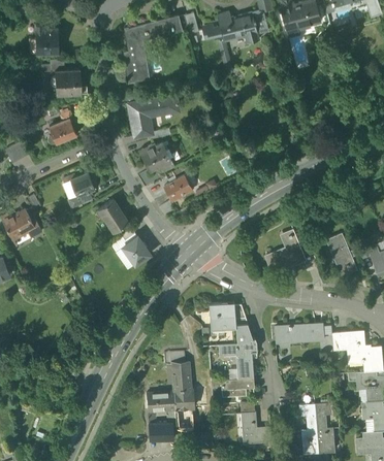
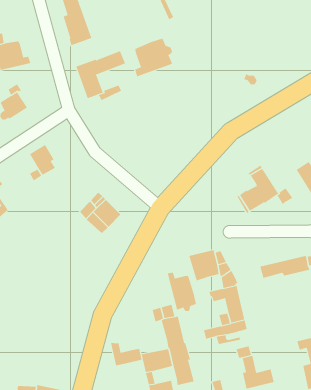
building: none -> [135,38,173,77]
building: [140,144,173,172] -> none
building: [164,176,192,202] -> none
building: [98,200,128,233] -> none
building: none -> [167,272,196,312]
building: none -> [111,342,142,366]

